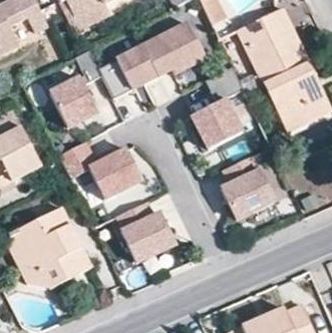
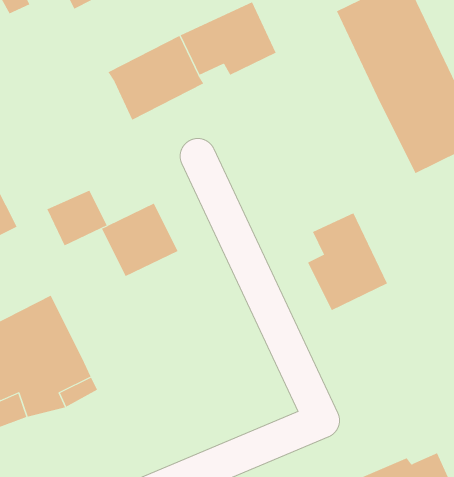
building: [48,50,100,127] -> none
building: [191,67,242,145] -> none
building: [114,205,174,263] -> none

